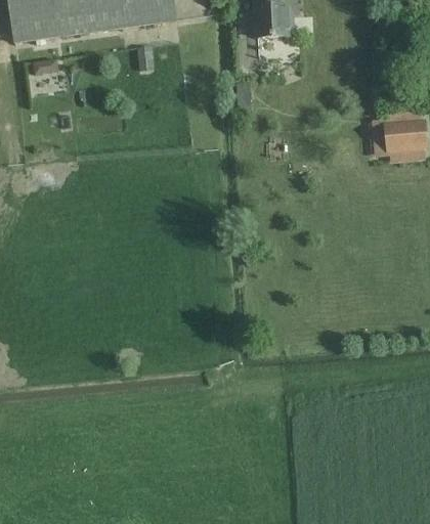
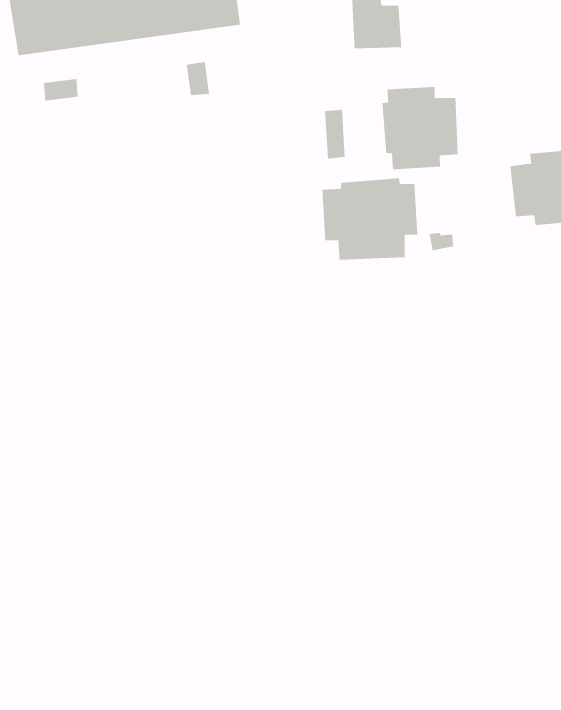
building: none -> [382,86,458,170]
building: none -> [322,178,418,260]

